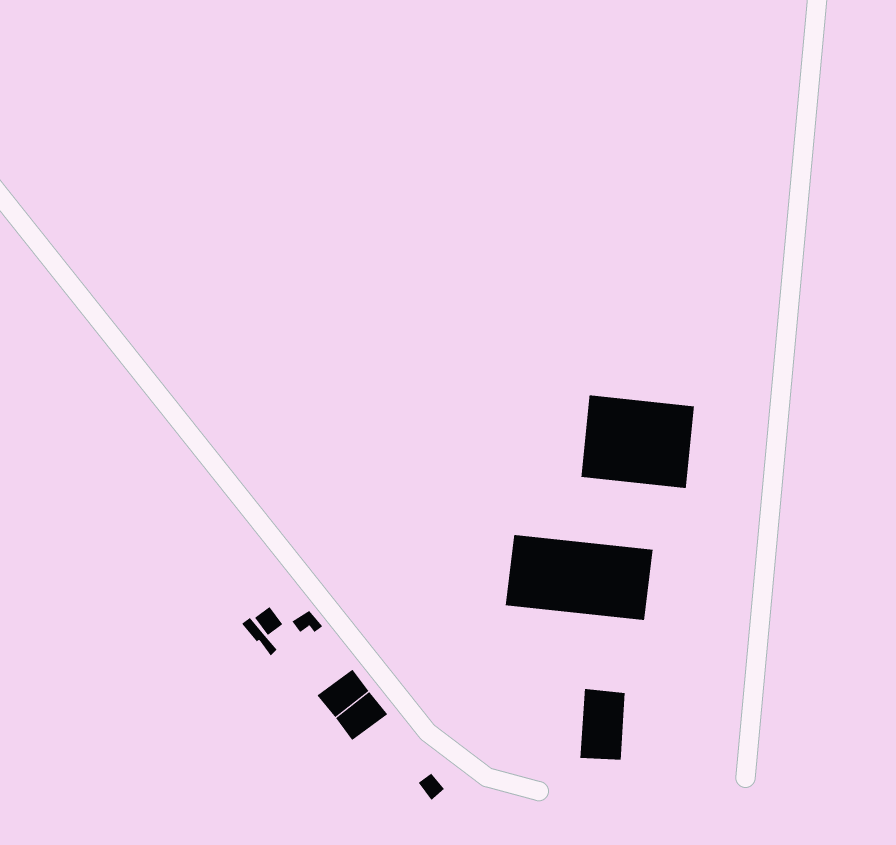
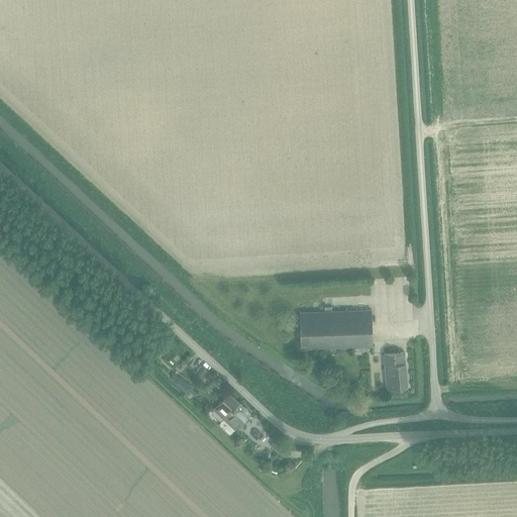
building: [581,394,694,489] -> none
building: [580,688,626,760] -> [383,353,407,390]

